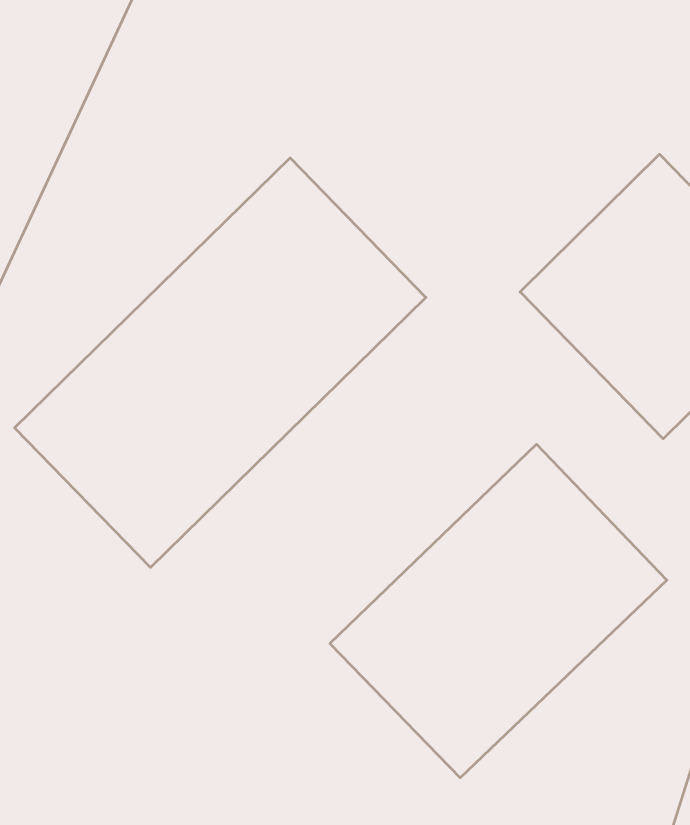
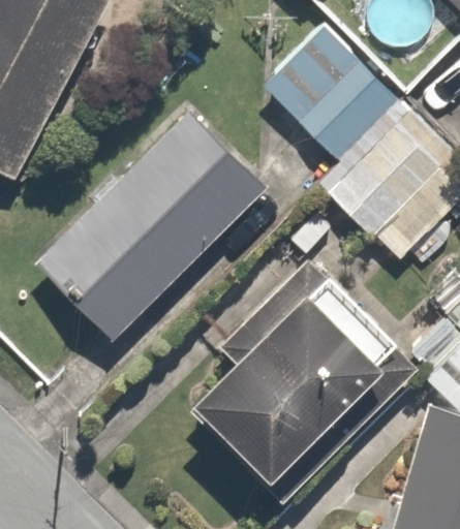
building: none -> [264,28,398,162]

